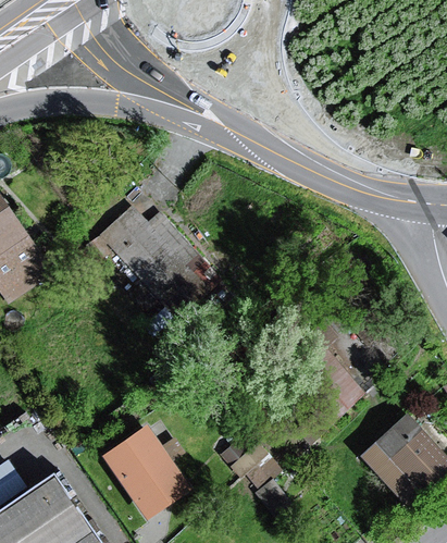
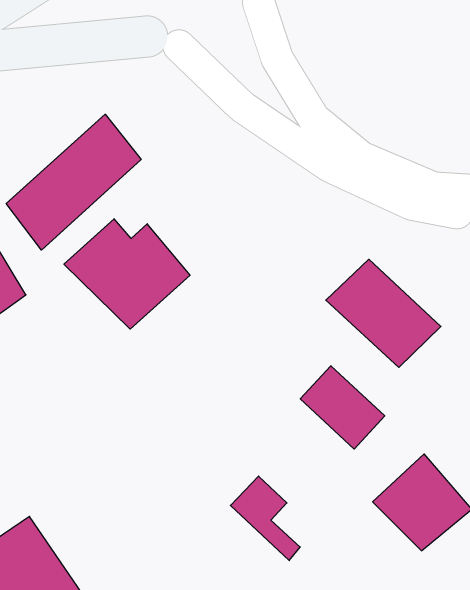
building: none -> [6,114,141,250]
building: none -> [326,259,441,367]
building: [107,429,194,520] -> none

